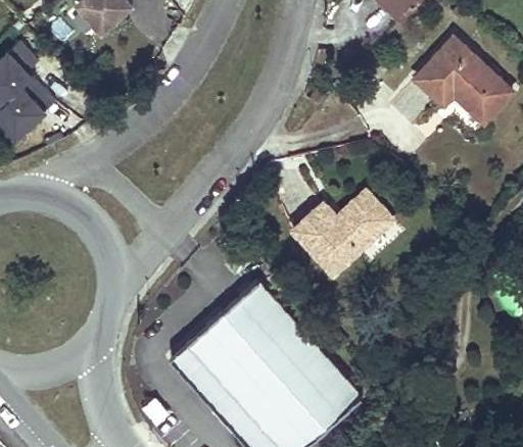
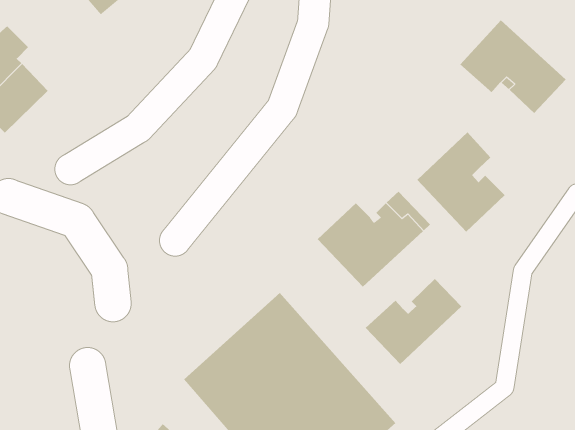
building: none -> [416,132,505,233]
building: none -> [365,278,462,365]

